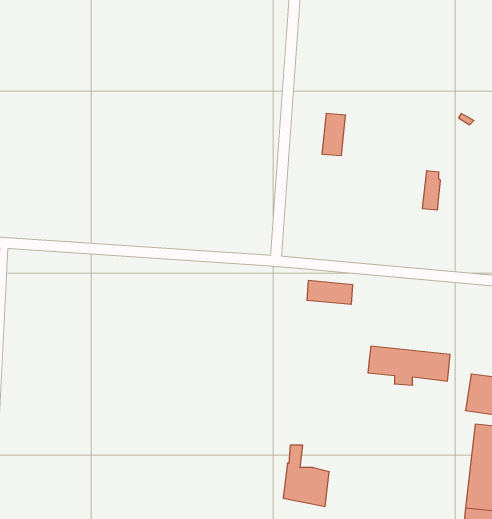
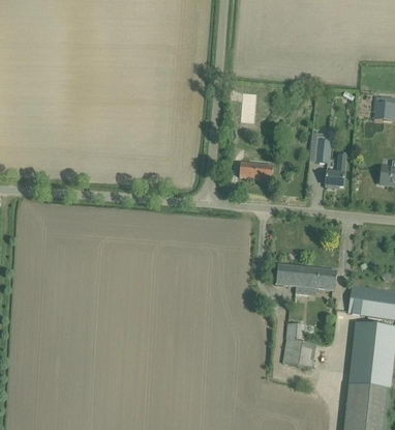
building: none -> [325,153,345,188]
building: [307,281,353,304] -> [239,162,273,179]
building: [283,445,329,507] -> [282,323,316,369]

